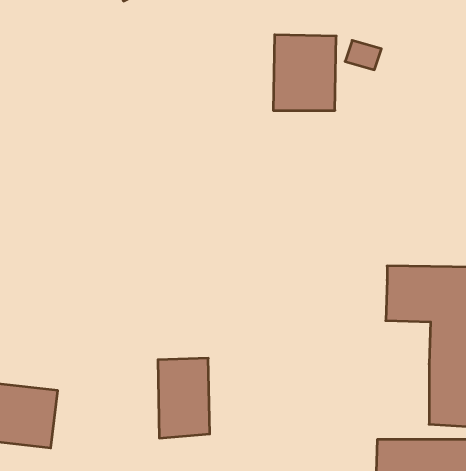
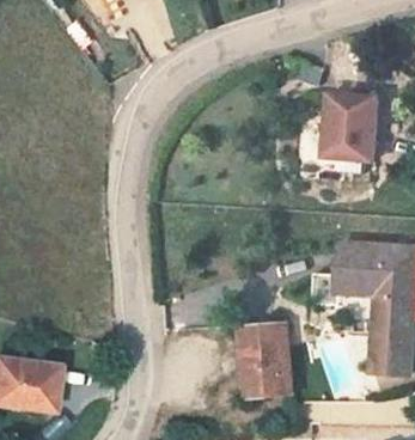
building: [273,35,336,110] -> [311,108,365,172]
building: [158,358,210,438] -> [243,328,287,396]

